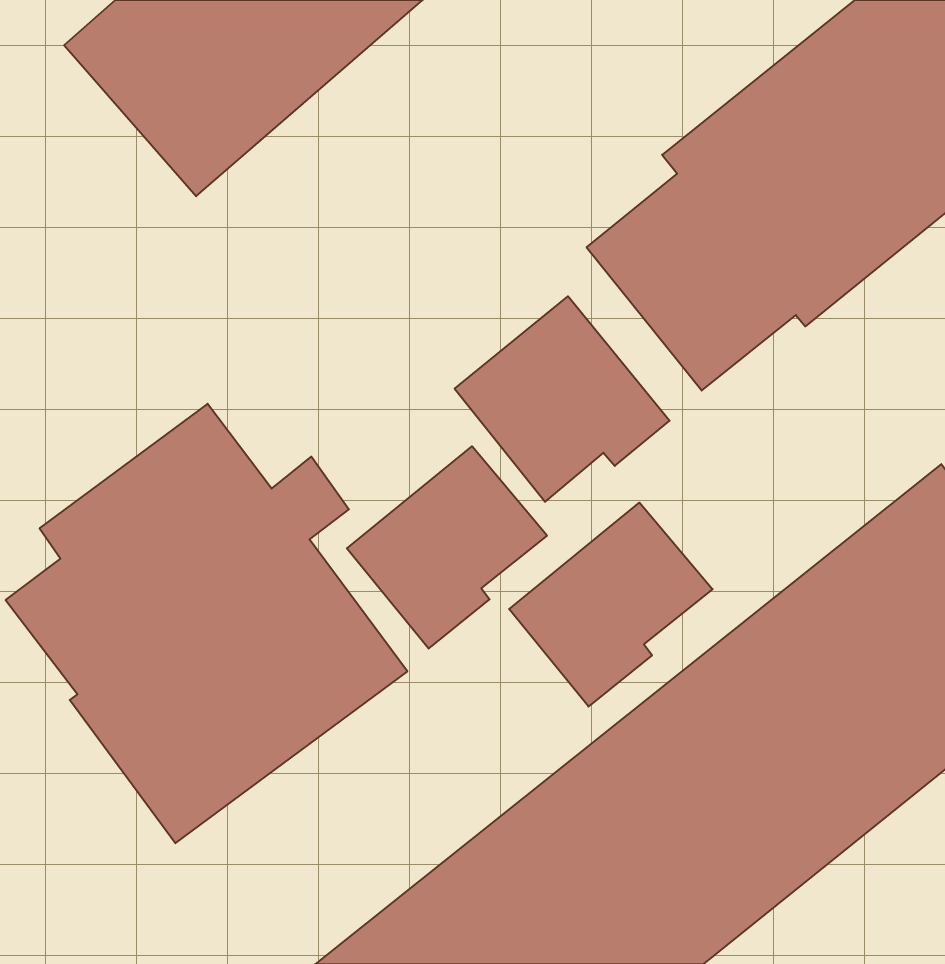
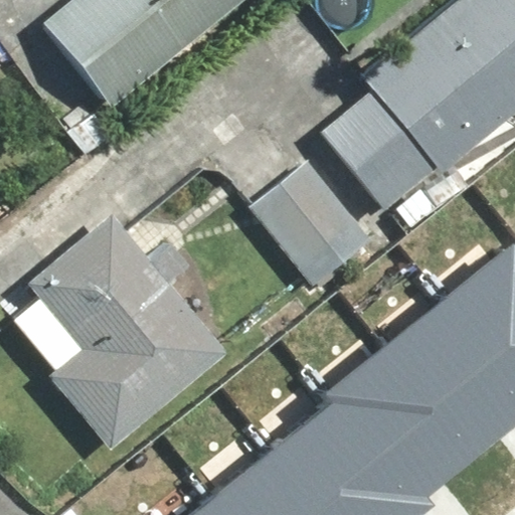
building: [347,446,547,649] -> none
building: [509,503,713,707] -> none

